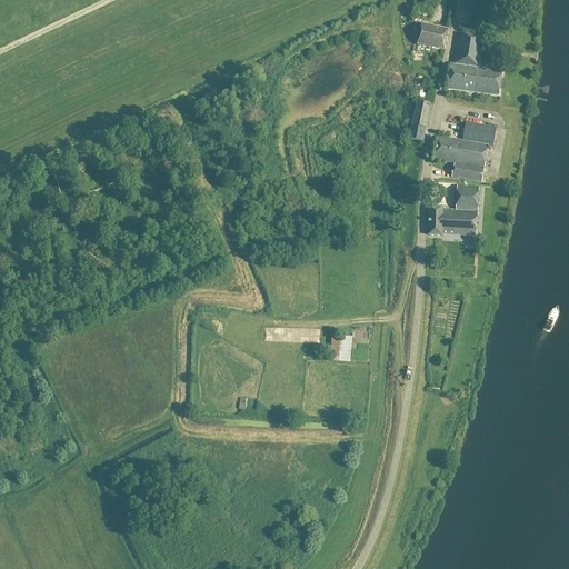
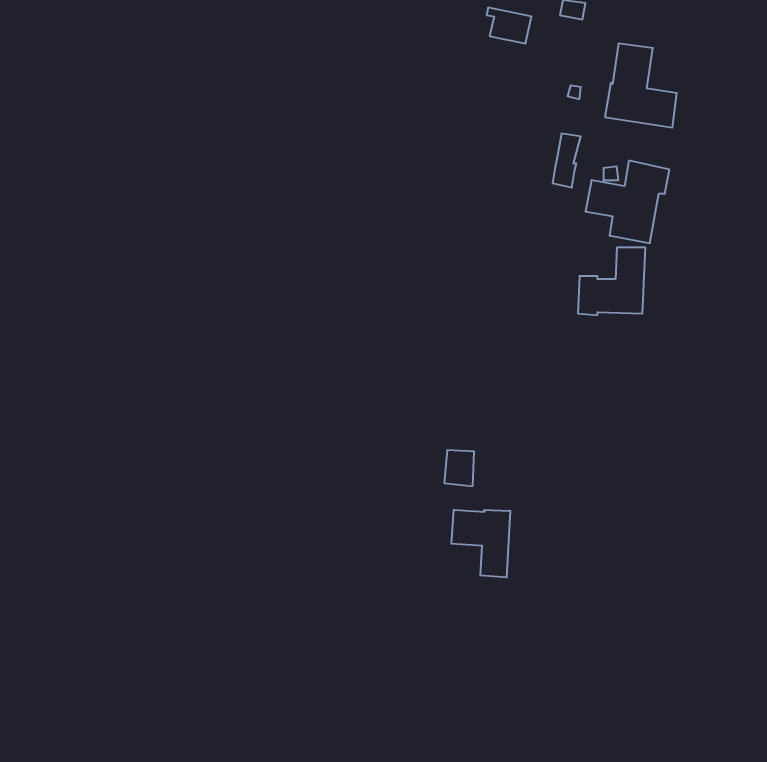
building: [415,20,448,47] -> [487,8,532,44]
building: none -> [451,510,510,578]

